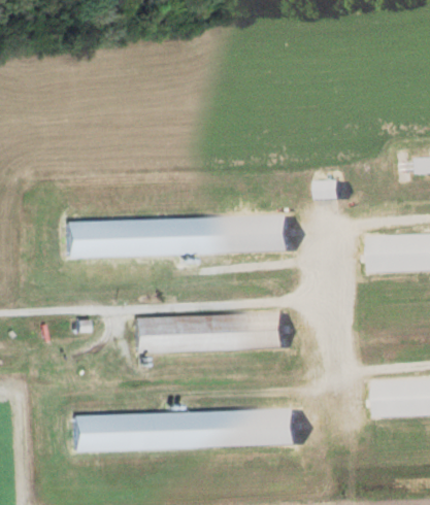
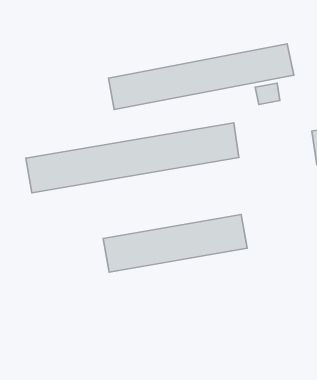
building: none -> [108,44,294,109]
building: [71,409,295,451] -> none

